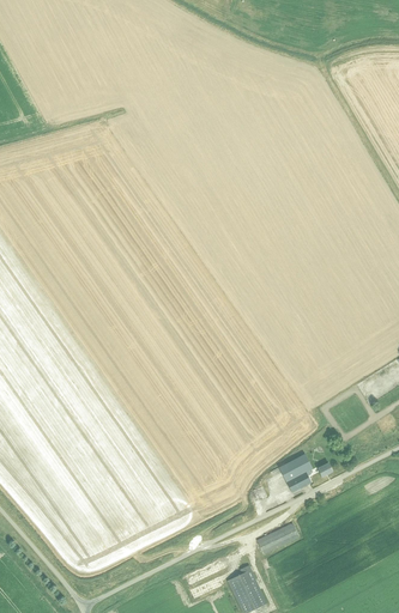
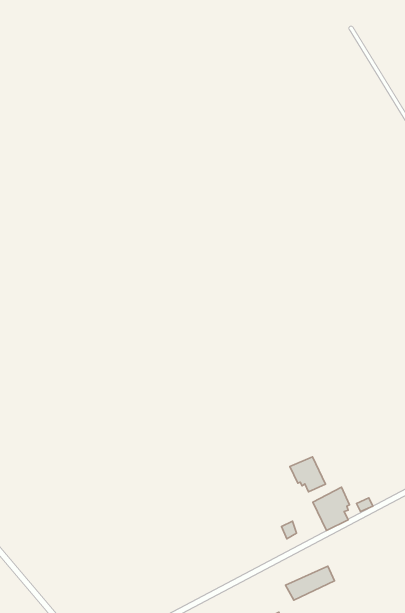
building: none -> [290,457,326,492]

